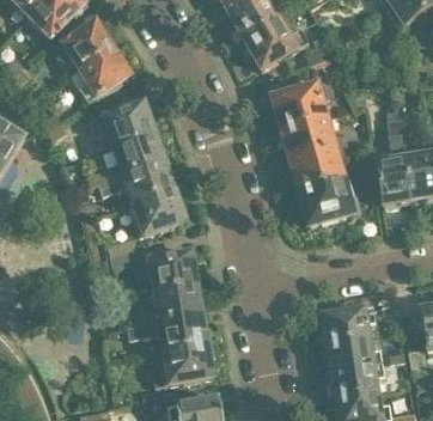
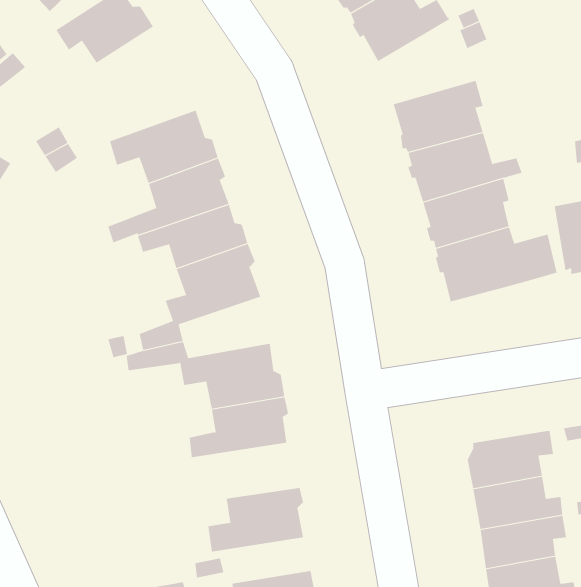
building: [71,44,129,99] -> none
building: [127,313,211,349] -> none

